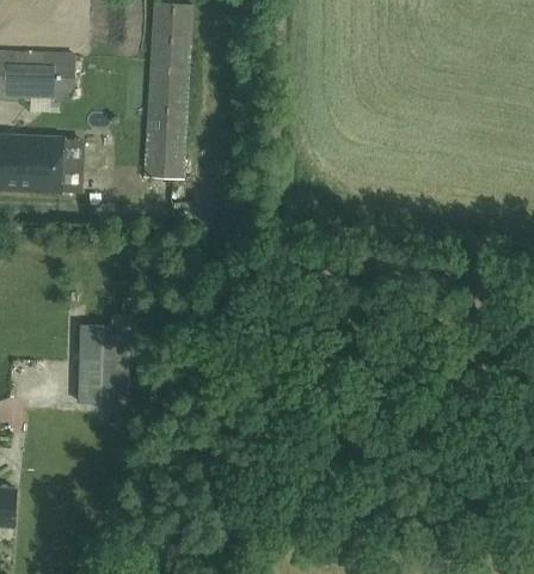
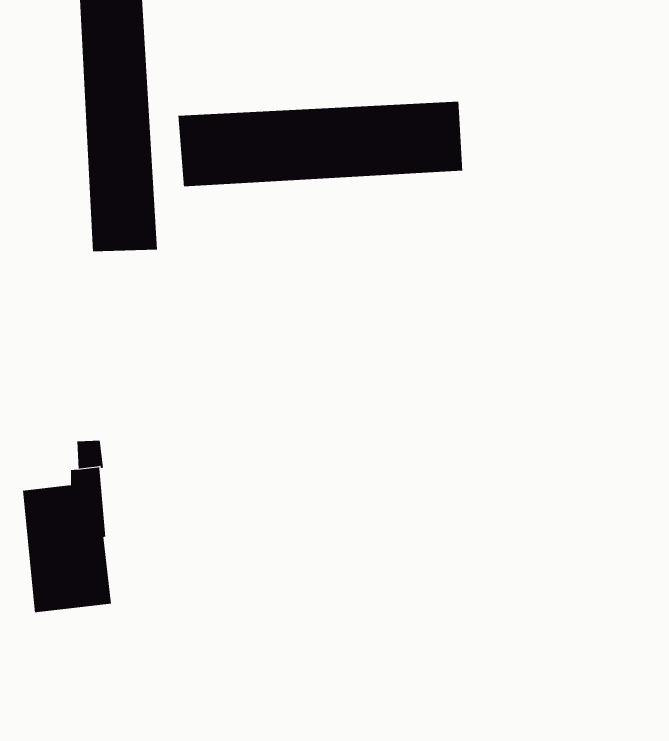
building: none -> [178,101,463,187]

